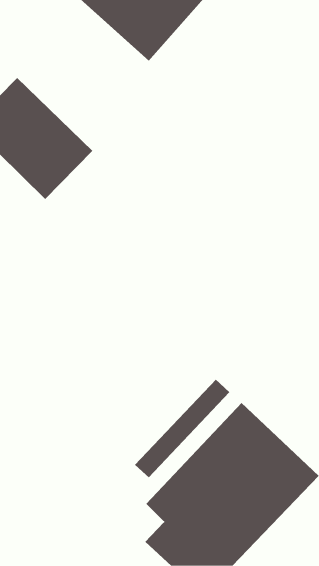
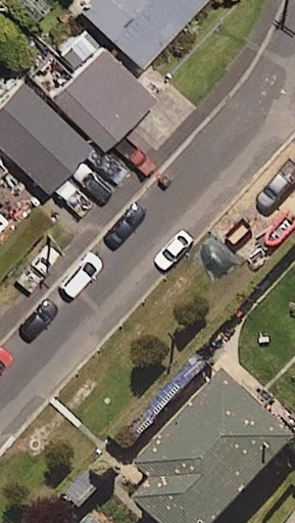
building: none -> [47,42,149,144]

